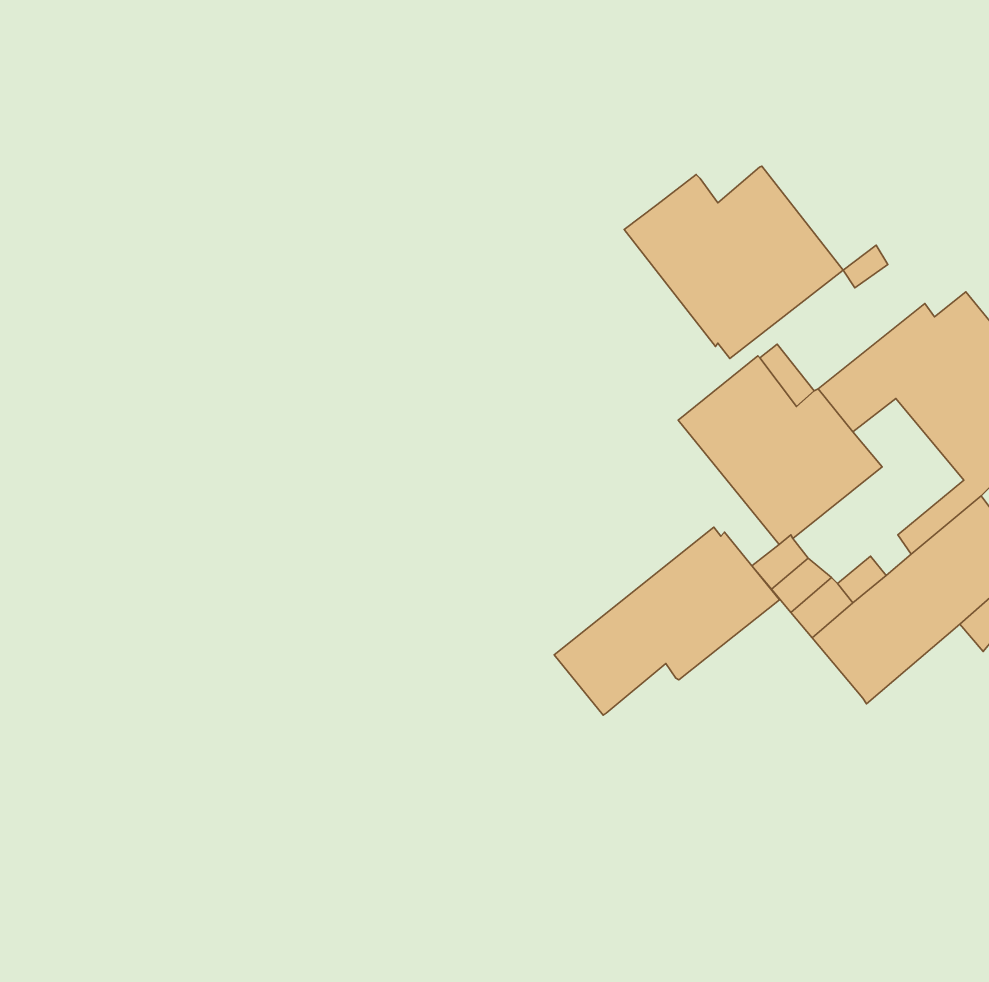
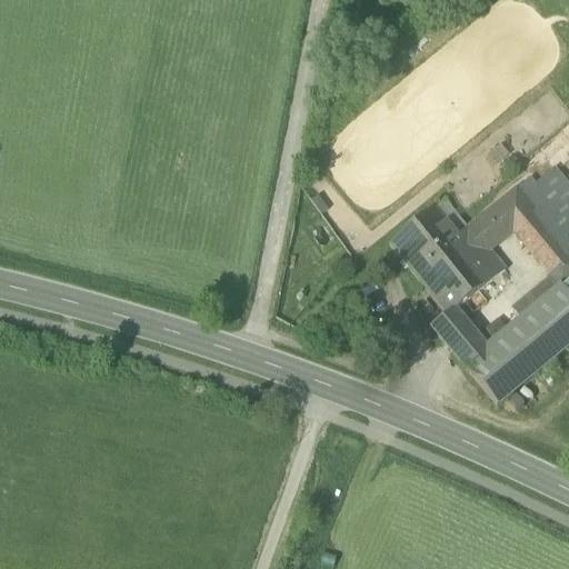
building: [624,166,843,359] -> none
building: [554,527,780,715] -> none

